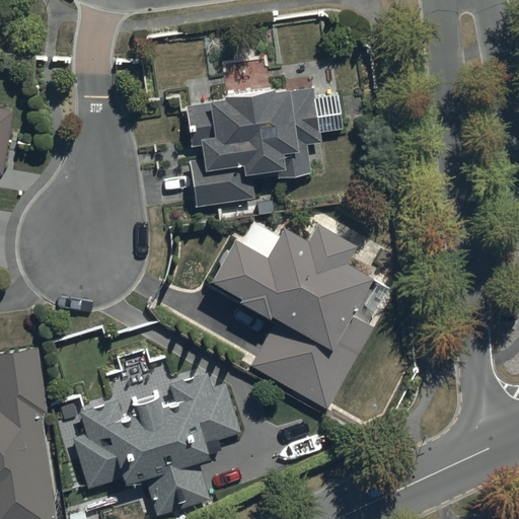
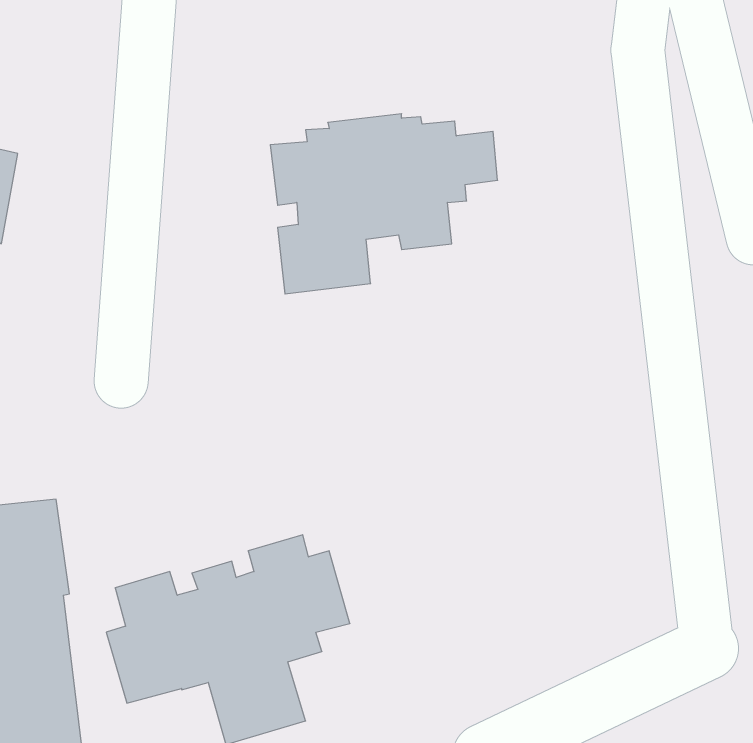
building: [212,218,374,411] -> none

